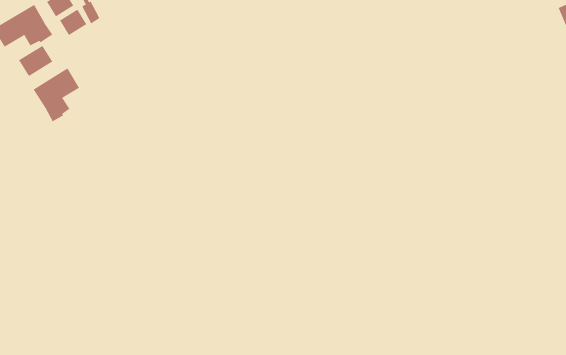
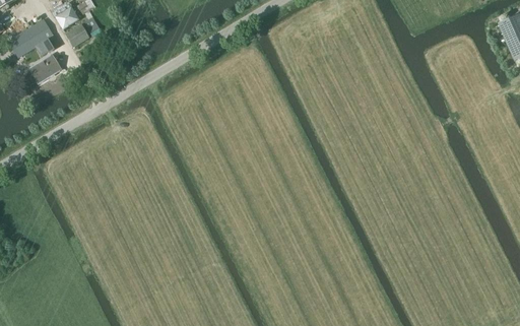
building: [33,68,80,122] -> none

